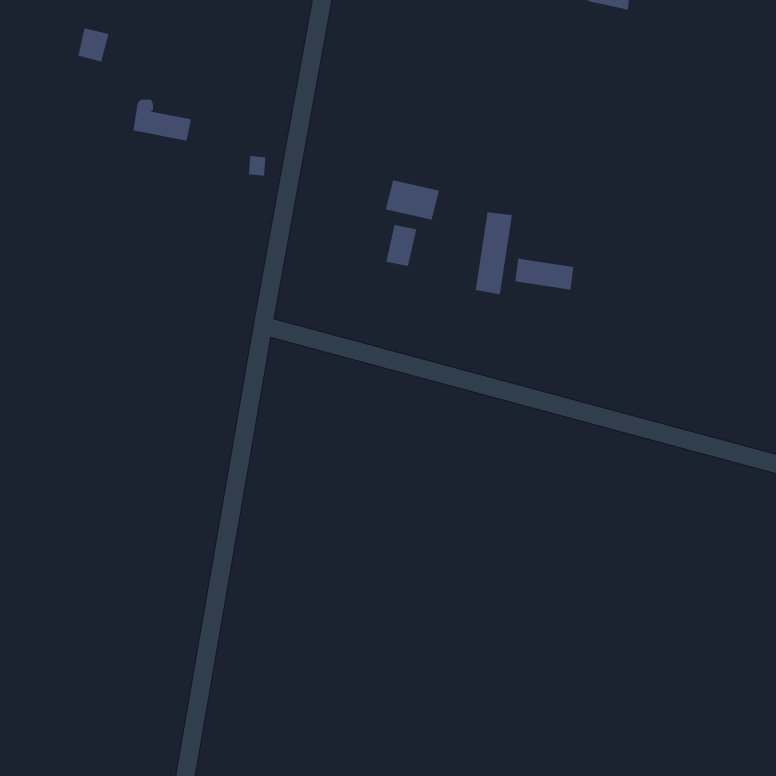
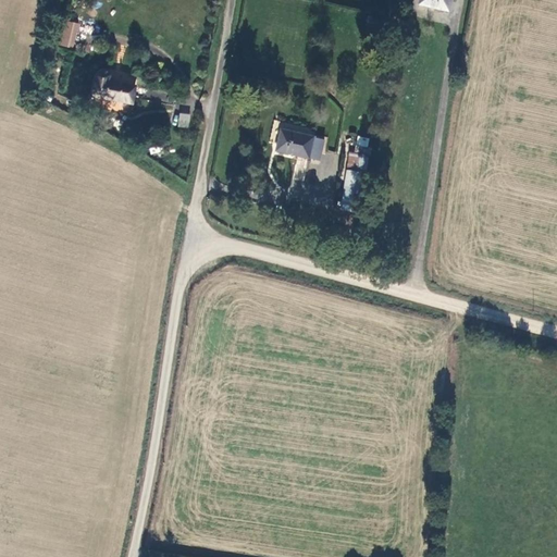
building: [385,224,417,267] -> none
building: [515,258,574,291] -> none

